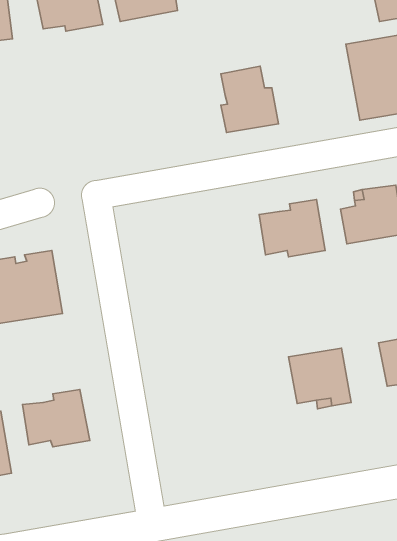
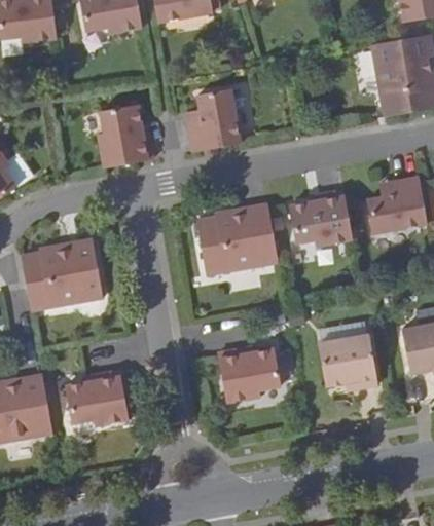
building: [221,66,278,132] -> [188,88,243,151]
building: none -> [99,105,152,167]
building: none -> [195,204,278,275]
building: none -> [219,348,283,402]

